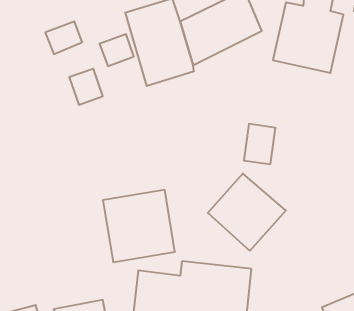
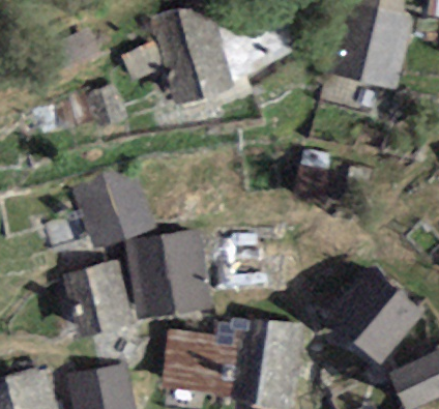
building: none -> [74,168,156,249]
building: [208,173,286,251] -> [329,269,423,362]
building: none -> [63,261,134,337]

